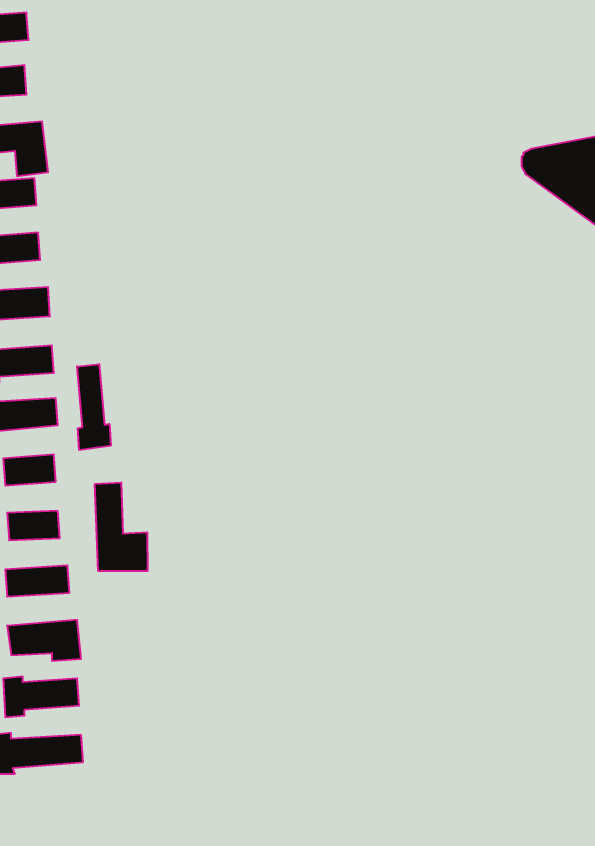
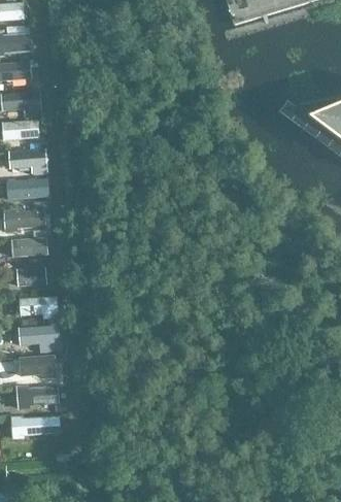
building: [77,364,111,450] -> none
building: [95,482,148,571] -> none

